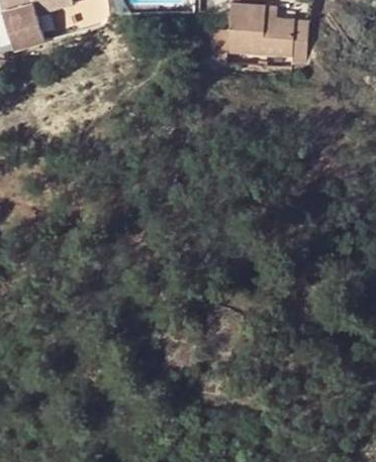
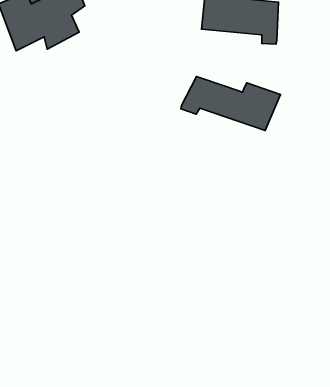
building: none -> [181,76,280,130]

